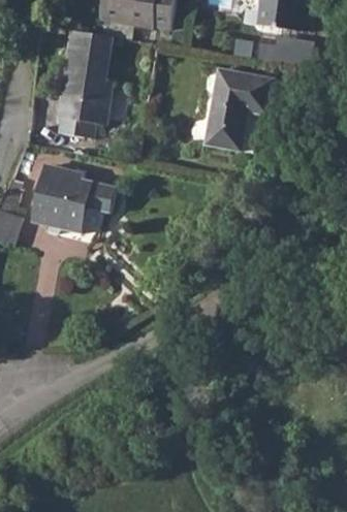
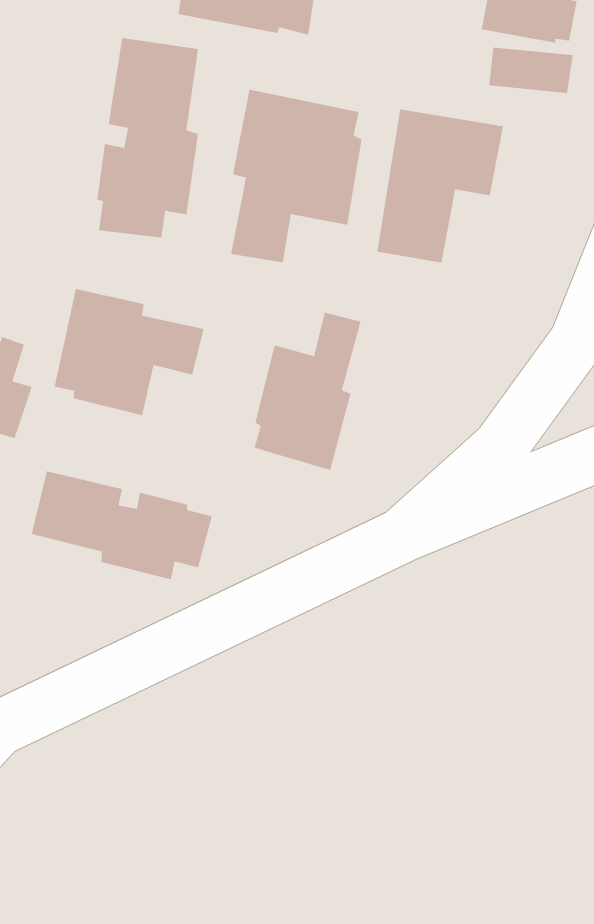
building: none -> [230,89,362,263]
building: none -> [254,312,361,471]
building: none -> [31,471,213,580]

